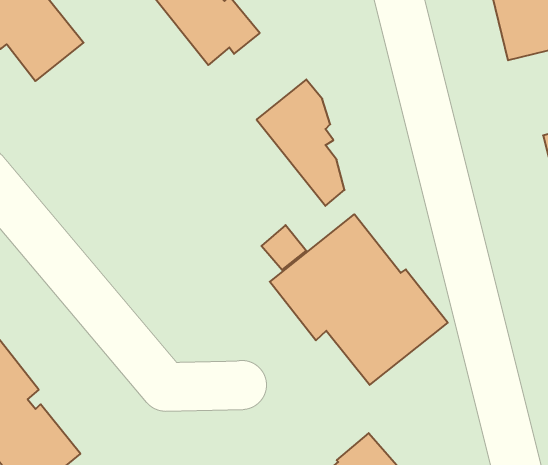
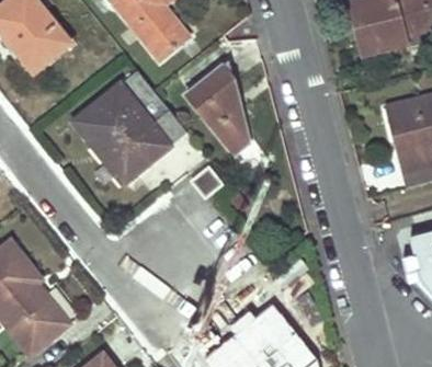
building: none -> [72,83,170,179]
building: [270,214,448,385] -> none

